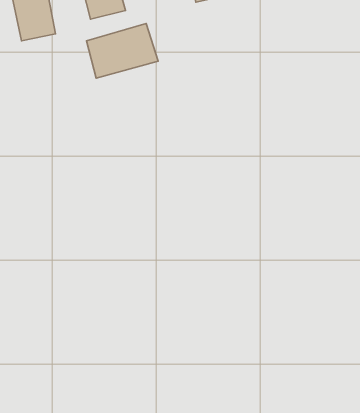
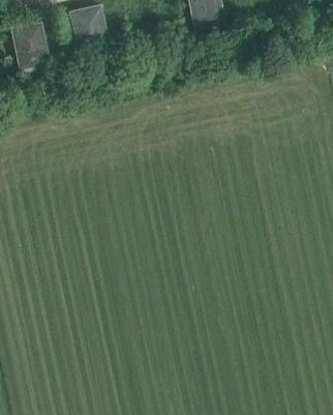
building: [86,23,158,78] -> none

